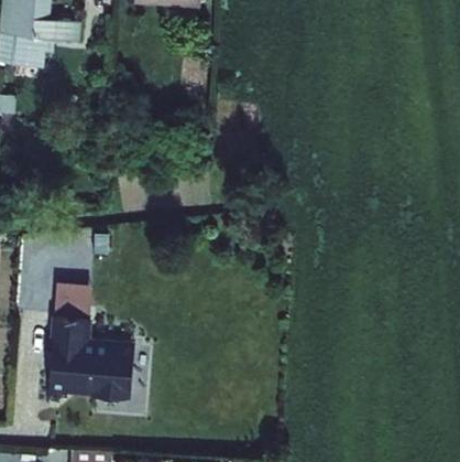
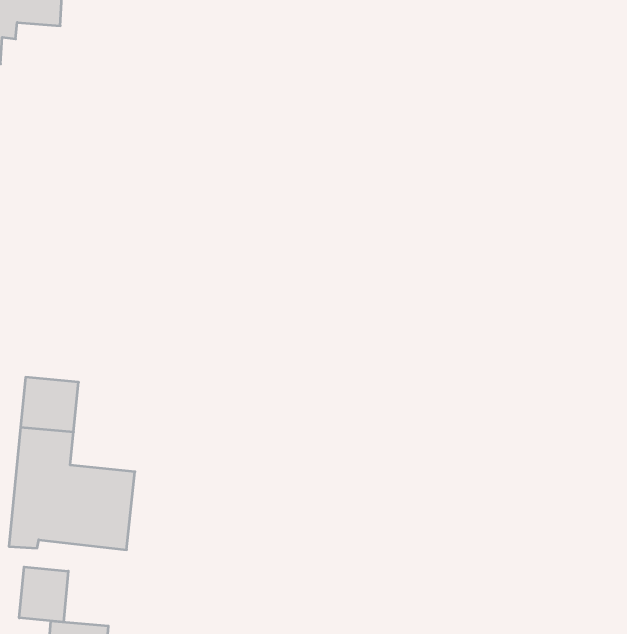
building: none -> [19,567,68,622]

